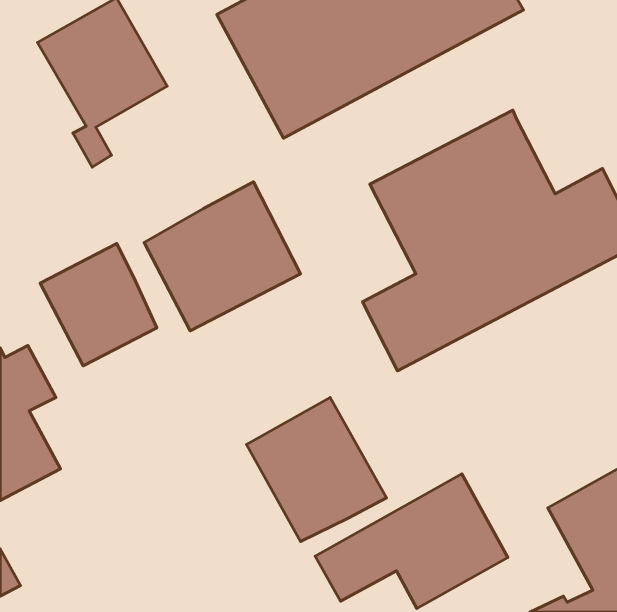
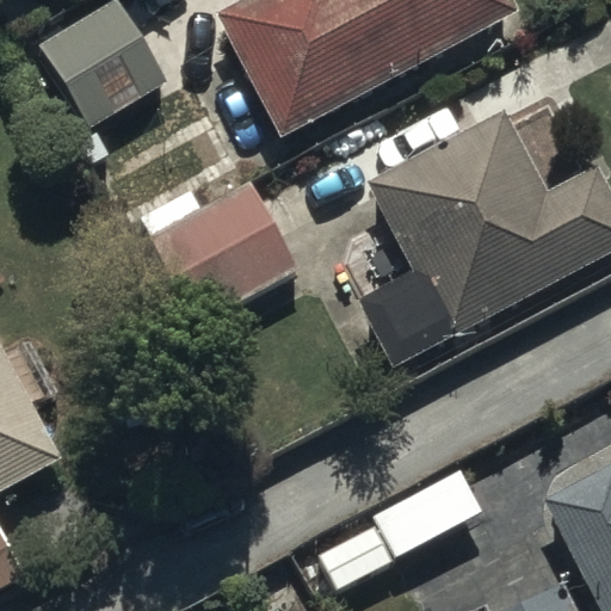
building: [40,243,157,366] -> none
building: [247,398,387,541] -> none

